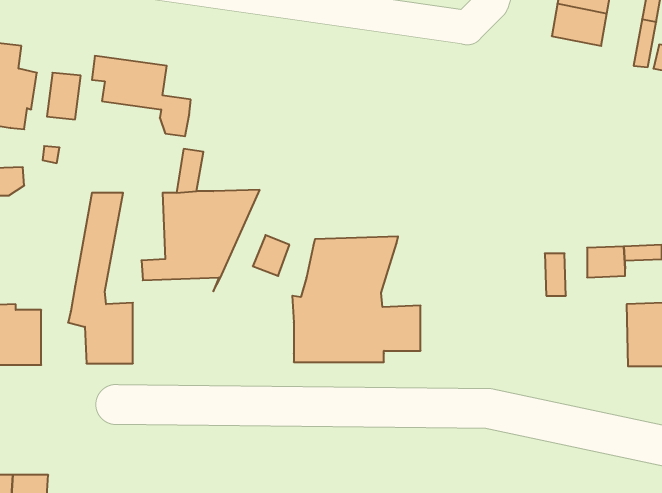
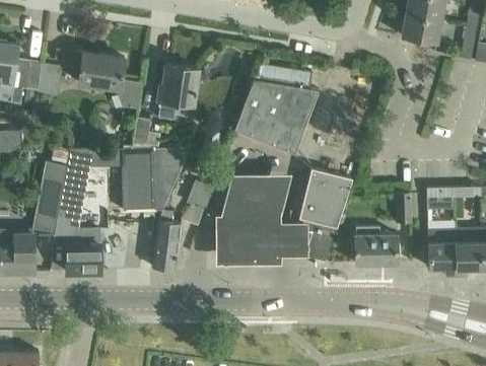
building: none -> [158,63,199,120]
building: none -> [234,63,319,152]
building: none -> [39,160,68,233]
building: none -> [299,167,352,260]
building: none -> [153,209,182,269]
building: none -> [355,225,397,263]
building: none -> [428,228,457,274]

